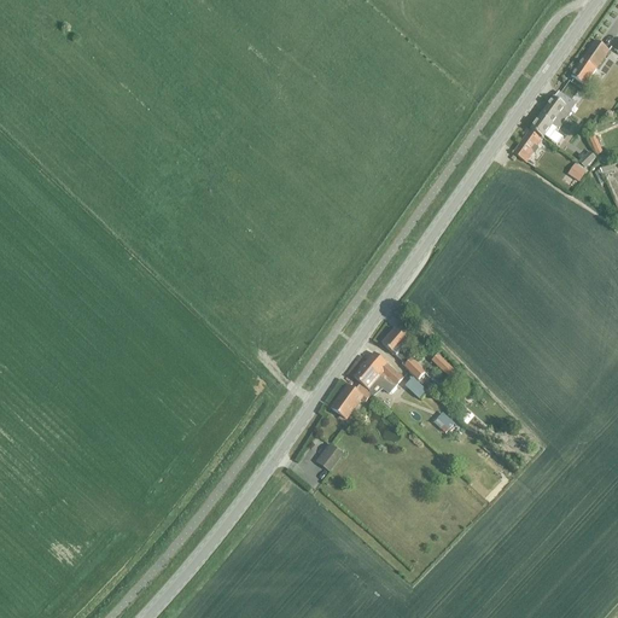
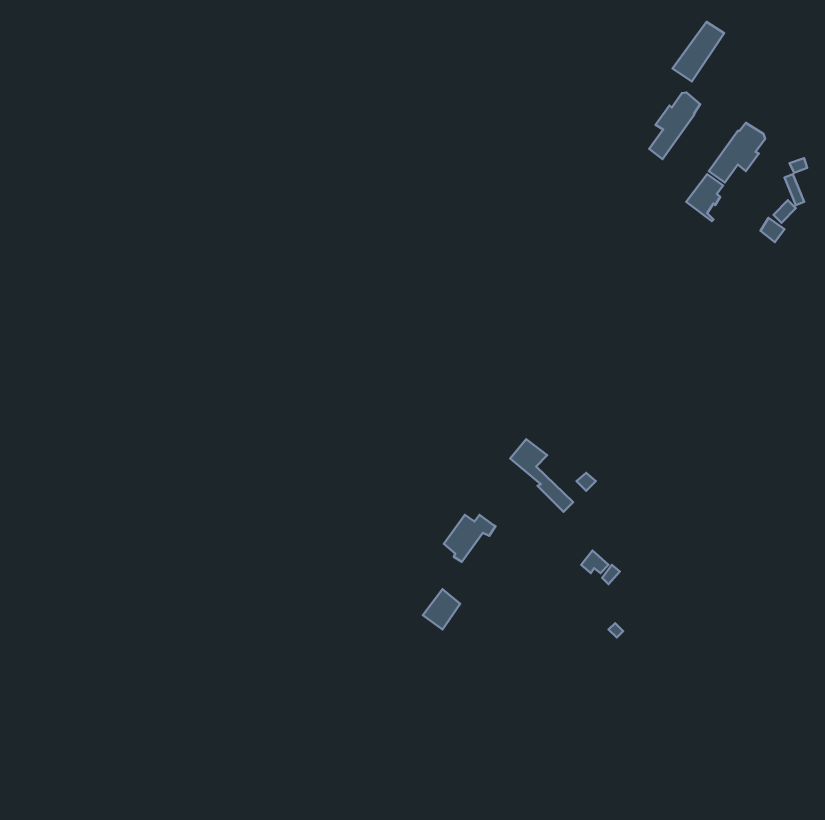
building: [570,40,608,84] -> [673,22,724,82]
building: none -> [649,93,700,159]
building: [354,351,402,392] -> none

